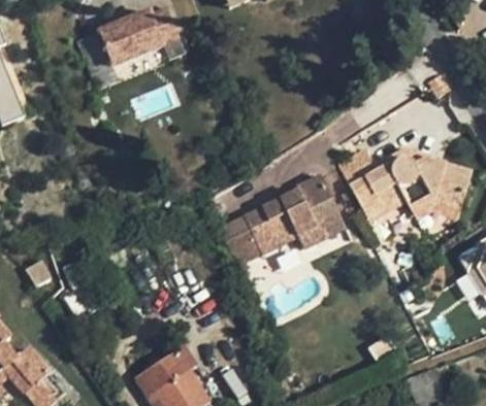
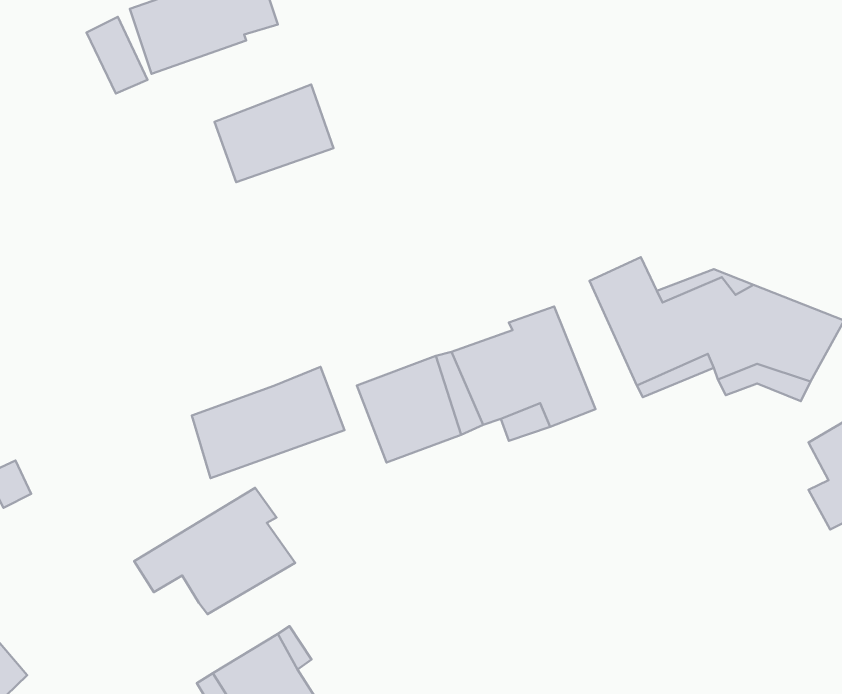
building: none -> [214,85,334,182]
building: none -> [192,367,344,478]
building: none -> [134,488,295,614]

